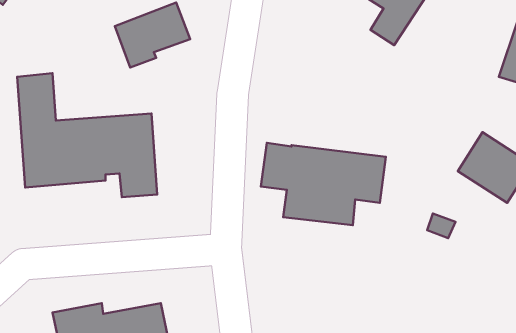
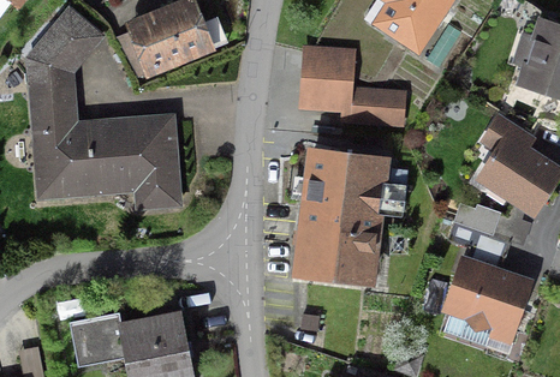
building: none -> [31,13,97,73]
building: none -> [300,48,409,126]
building: none -> [298,225,375,279]
building: none -> [448,262,526,329]

